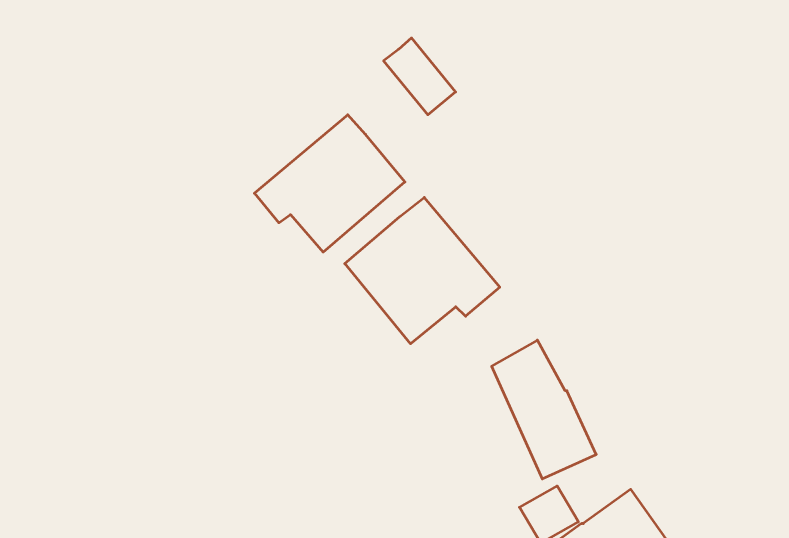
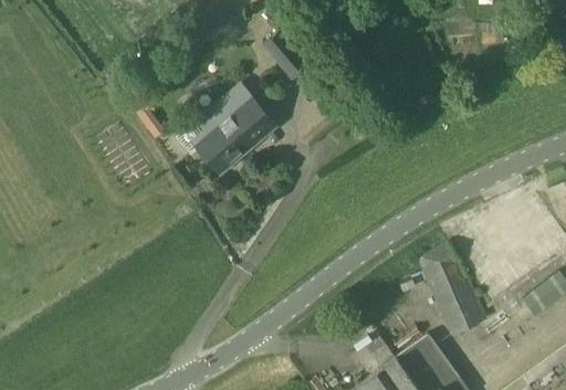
building: [345,197,500,344] -> none
building: [492,340,596,479] -> [418,244,489,338]

